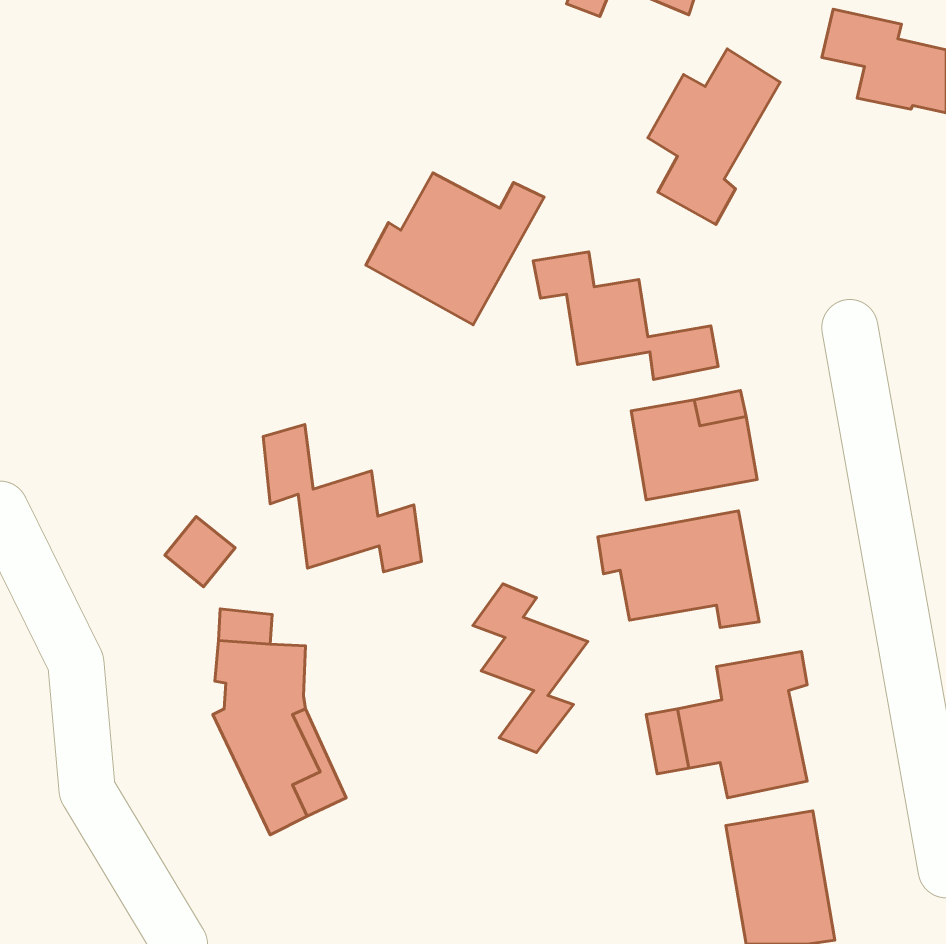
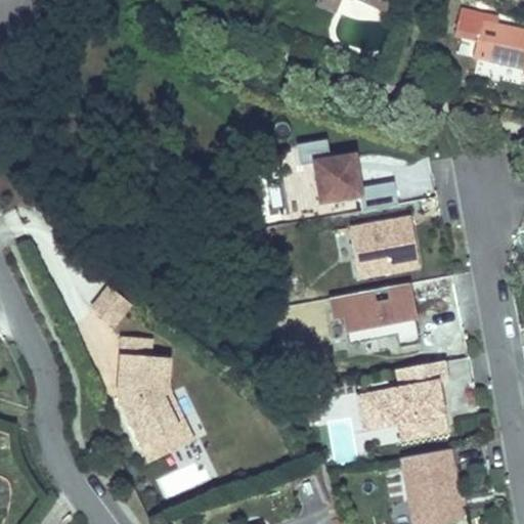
building: [648,49,780,224] -> none
building: [366,173,544,325] -> none
building: [263,425,422,572] -> none
building: [473,584,588,752] -> none

